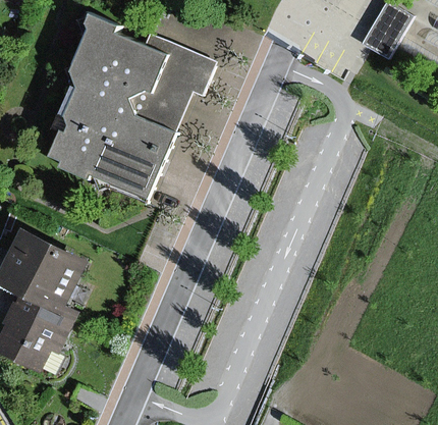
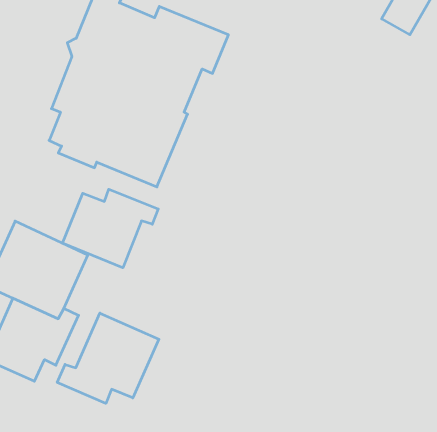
building: none -> [62,189,158,268]
building: none -> [57,313,159,403]

